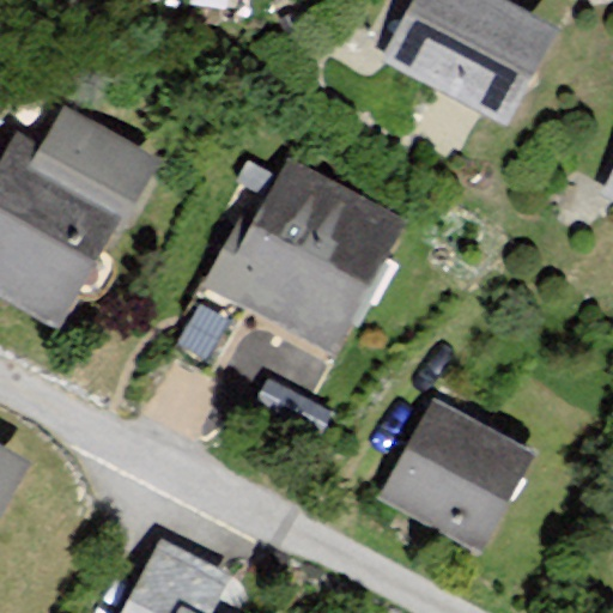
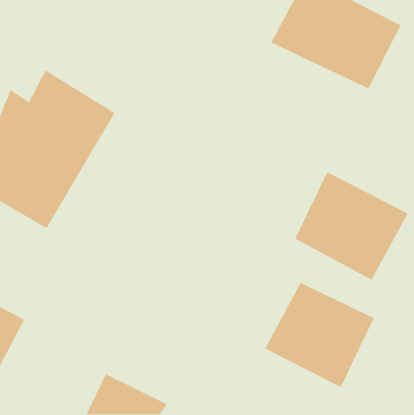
building: [199,154,406,356] -> none
building: none -> [294,171,409,281]

